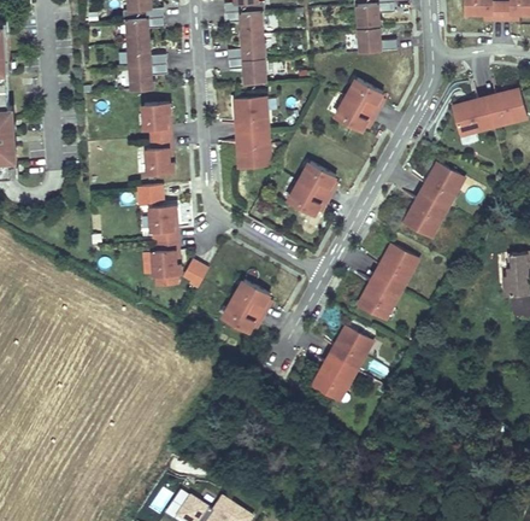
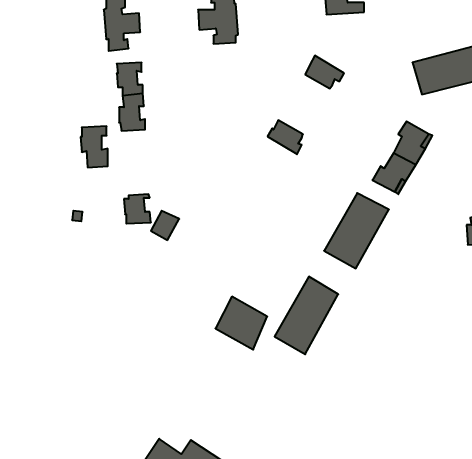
building: [346,81,382,116] -> none
building: [231,92,271,165] -> none
building: [288,181,328,215] -> none
building: [148,199,176,241] -> [81,126,108,167]
building: [220,276,273,330] -> [215,297,267,350]

